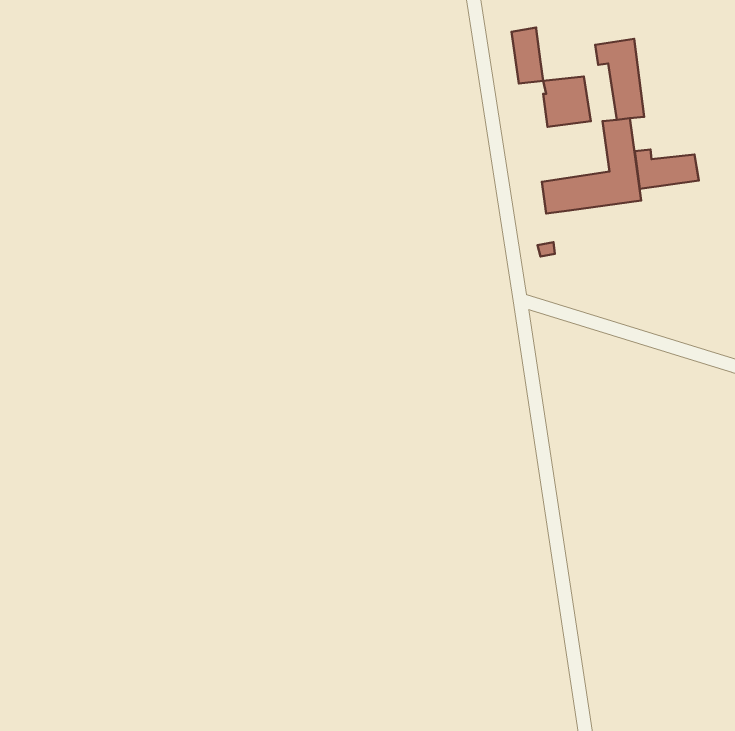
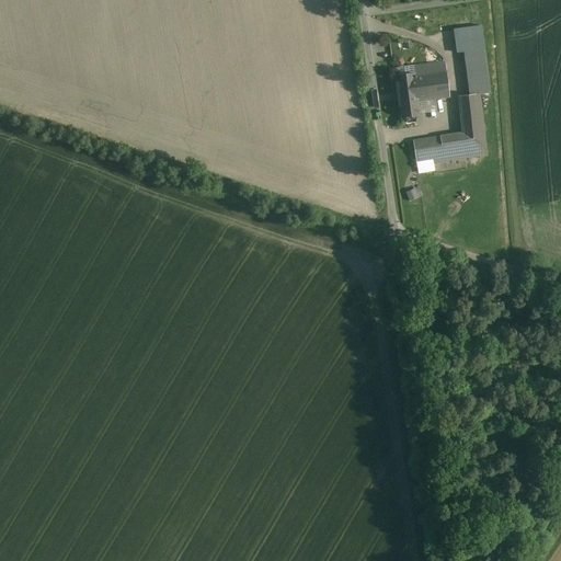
building: [512,27,543,84] -> [394,70,419,113]
building: [635,149,699,189] -> none

